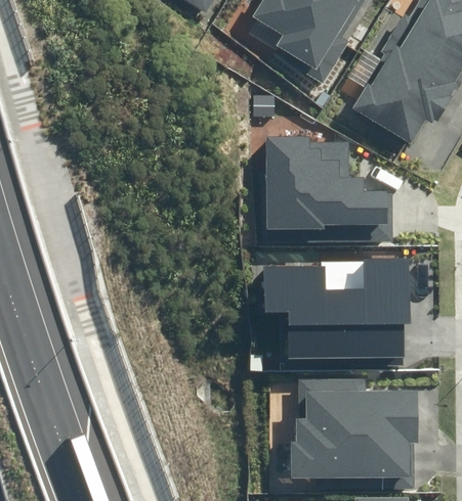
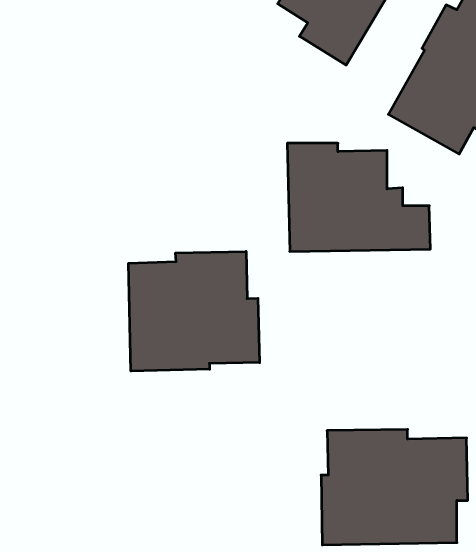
building: none -> [129,251,260,371]
building: [262,262,408,355] -> none

